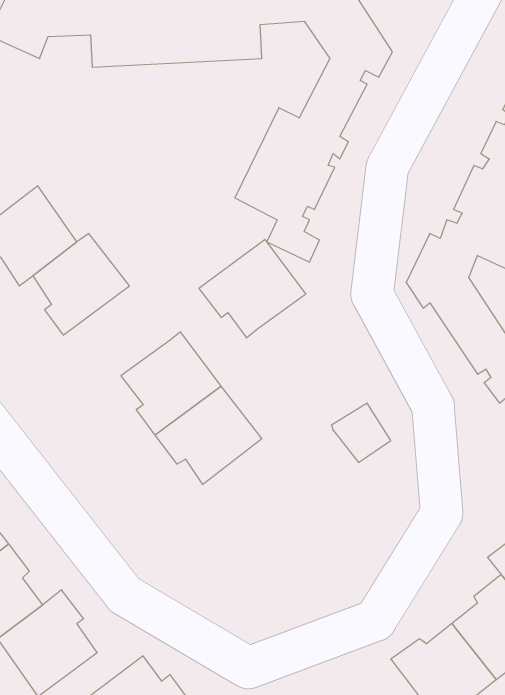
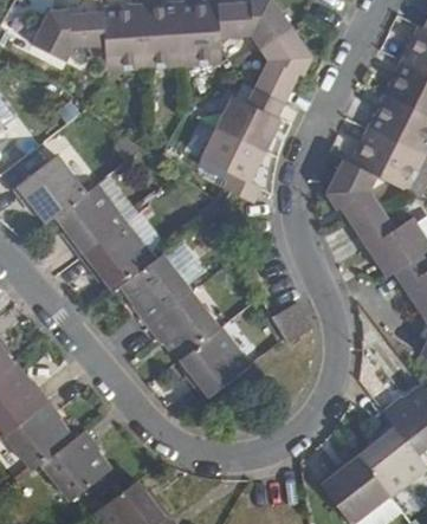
building: [199,239,306,338] -> [83,219,157,287]
building: none -> [180,325,250,397]

